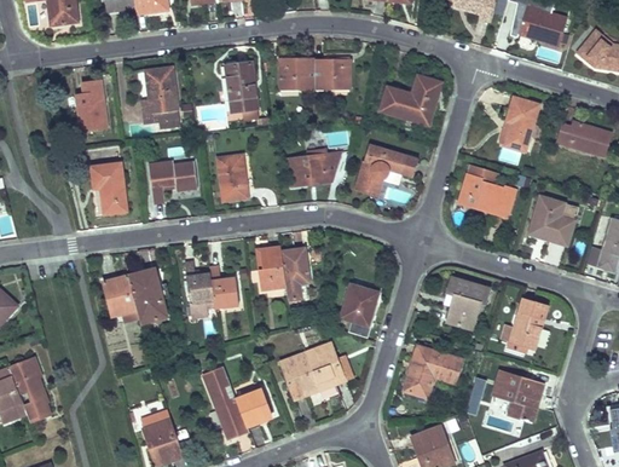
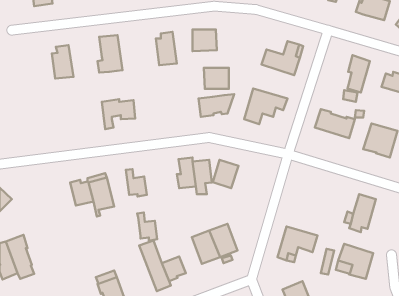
building: [314,59,351,90] -> [204,68,229,89]
building: [219,156,248,201] -> none
building: [92,165,127,214] -> none
building: [209,266,238,307] -> [137,213,157,241]
building: [447,281,484,329] -> none
building: [341,284,378,325] -> [213,160,239,188]

